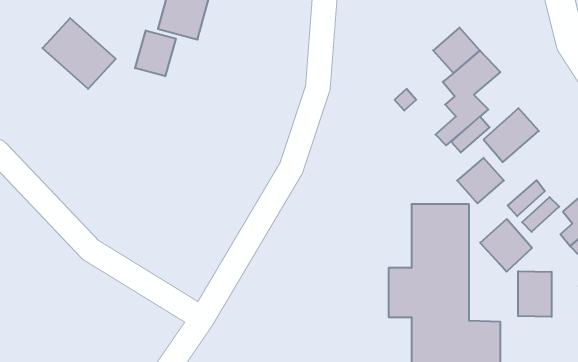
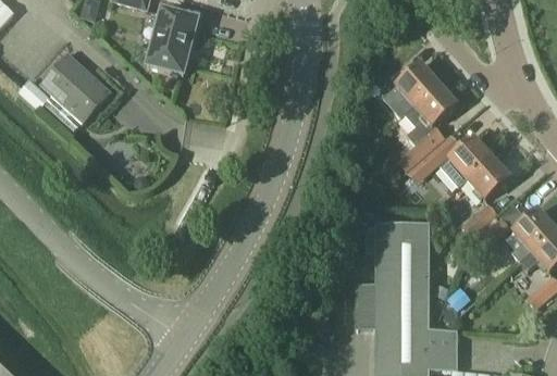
building: [135,30,176,76] -> none
building: [457,158,504,203] -> [468,158,510,199]
building: [480,219,532,272] -> none
building: [518,271,552,317] -> none

